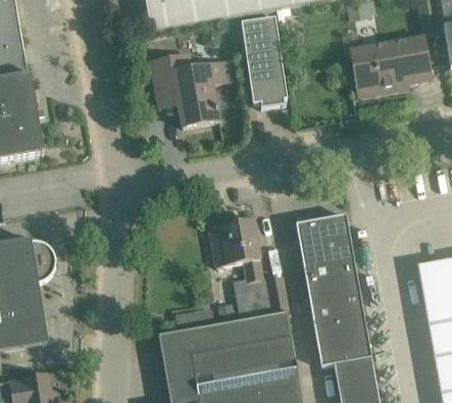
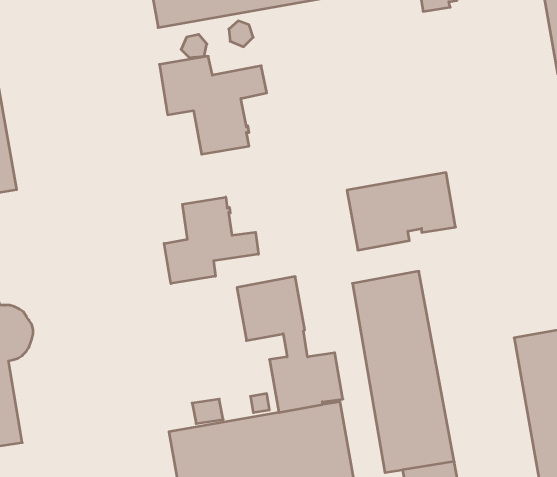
building: [238,15,287,107] -> none
building: [350,37,432,95] -> [347,173,456,250]
building: none -> [164,197,258,284]

